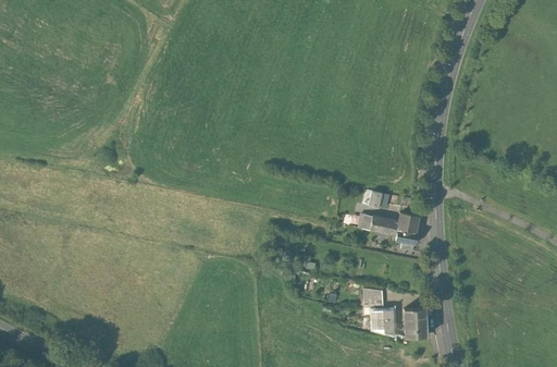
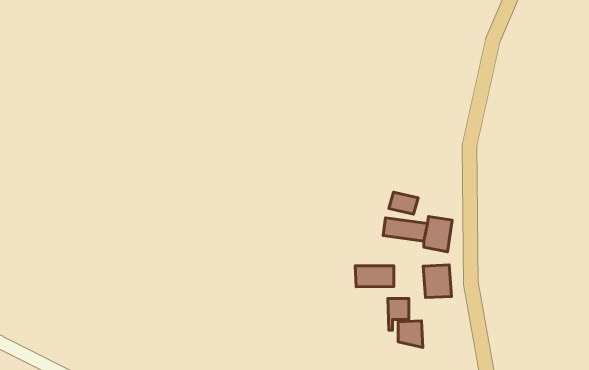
building: none -> [355,266,394,287]
building: [401,307,428,338] -> [423,265,451,298]

